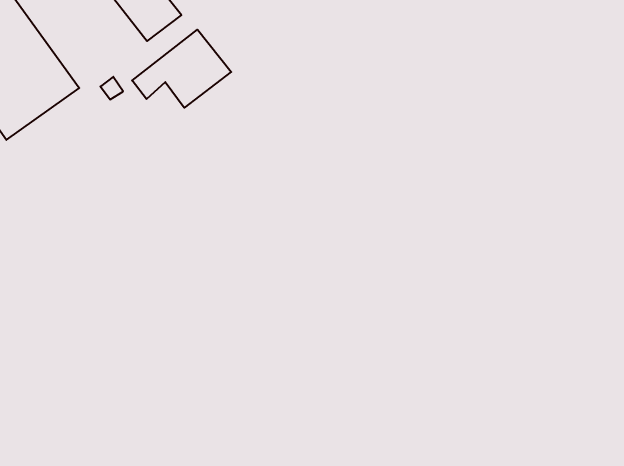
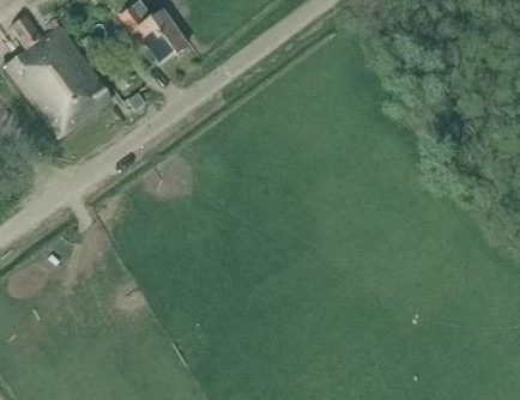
building: [132,30,231,108] -> none

